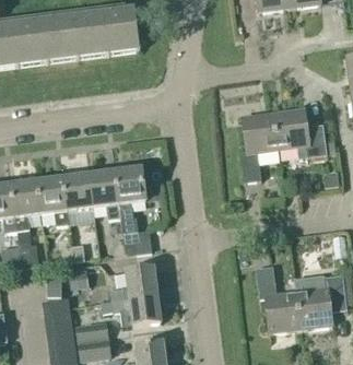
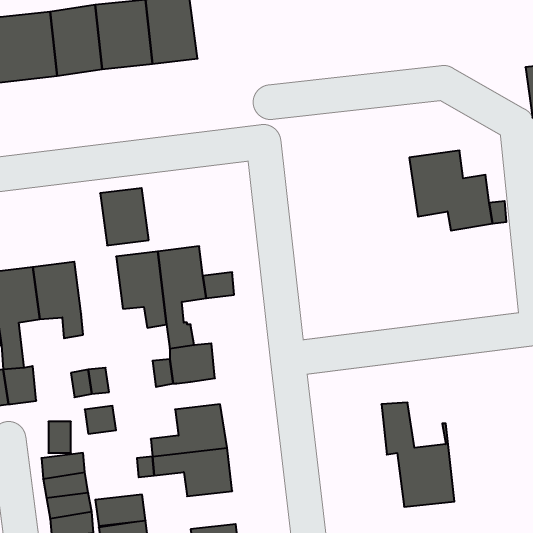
building: [240,110,279,179] -> none
building: [62,173,93,209] -> [100,188,149,245]
building: [296,273,346,327] -> none

